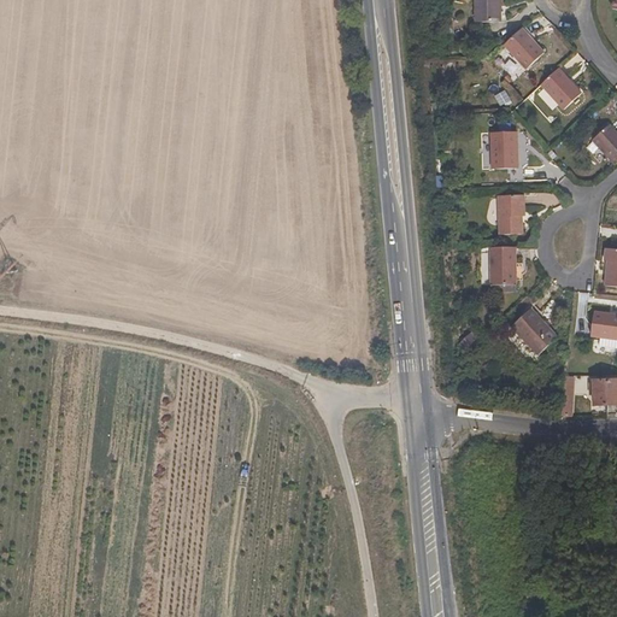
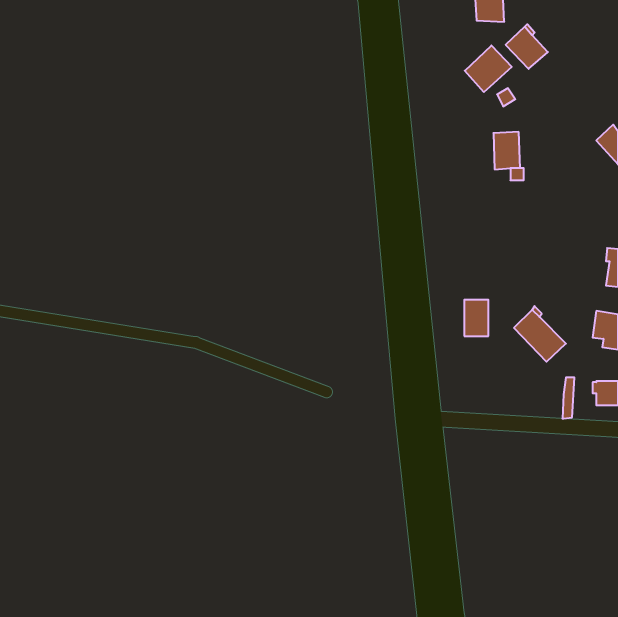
building: none -> [465,45,512,92]
building: [540,67,583,110] -> none
building: [499,195,524,234] -> none
building: [492,247,516,283] -> [464,300,488,336]

